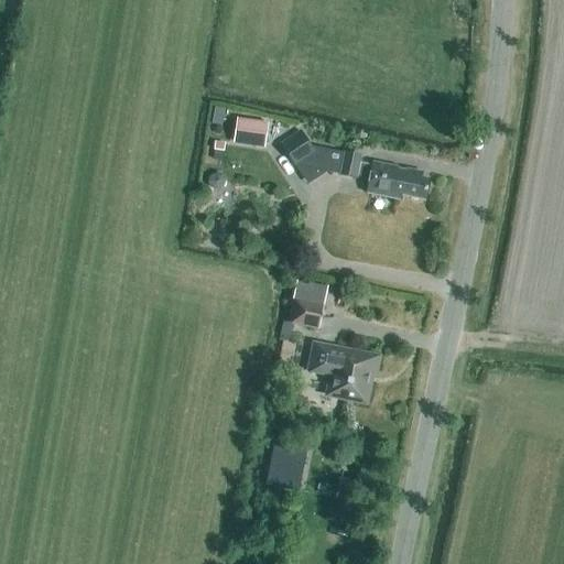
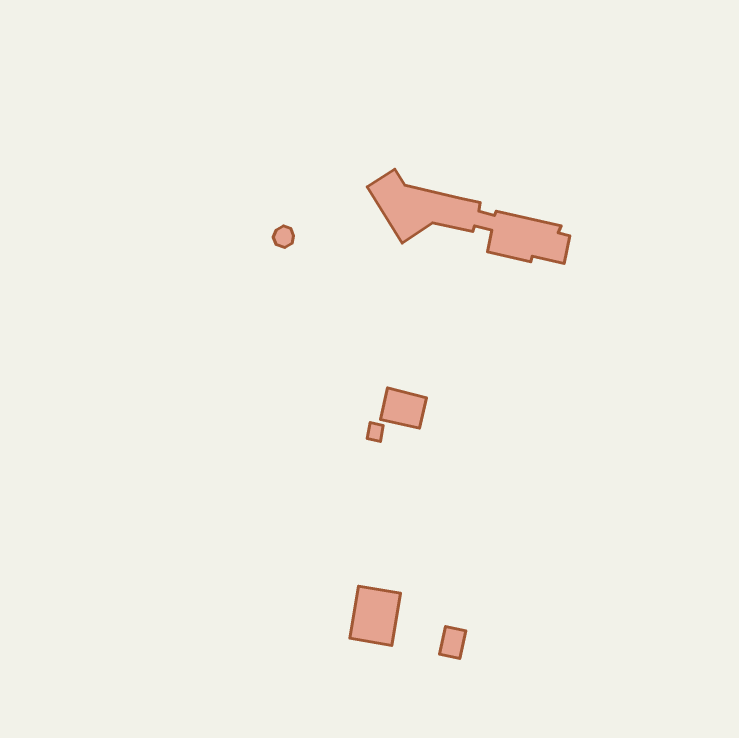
building: [232,117,265,141] -> none
building: [311,344,377,401] -> none

